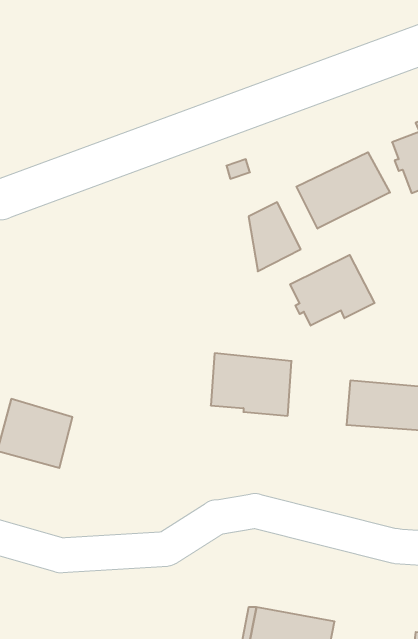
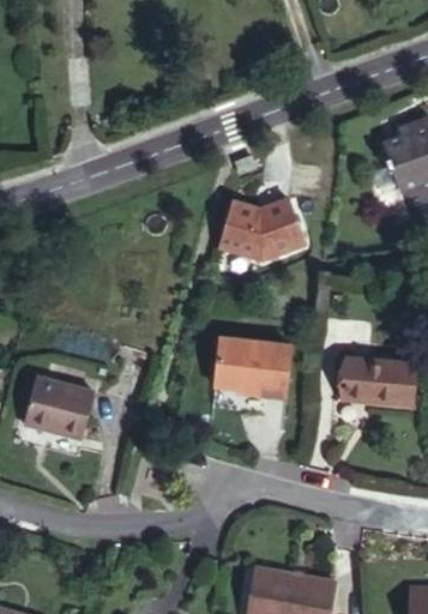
building: [296,152,390,229] -> none
building: none -> [218,203,263,260]
building: [290,255,375,326] -> none

